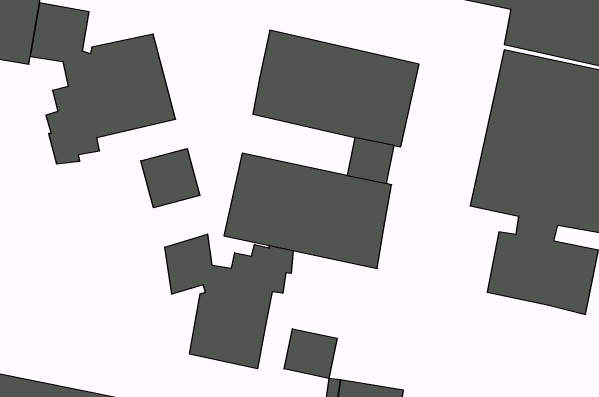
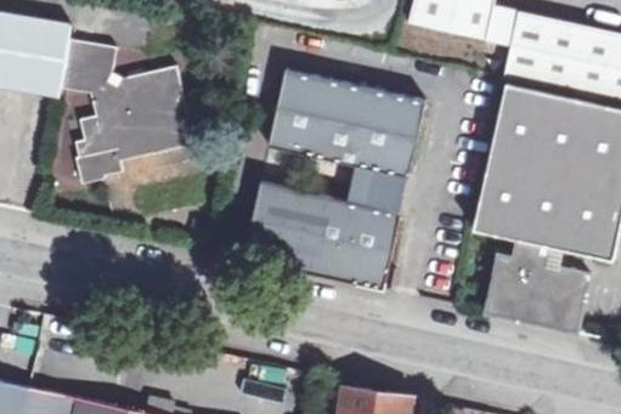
building: [141,149,200,208] -> none
building: [165,234,293,369] -> none
building: [284,329,337,379] -> none

